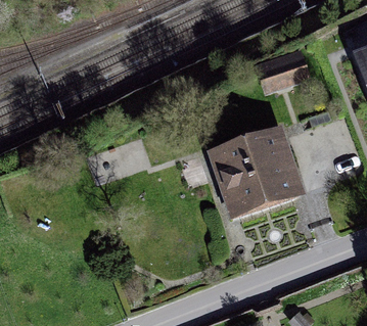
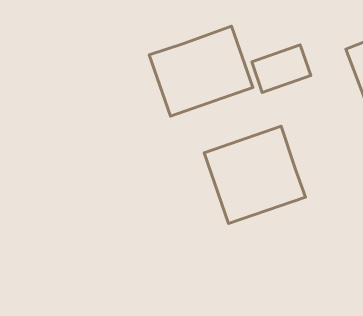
building: none -> [149,26,253,116]

